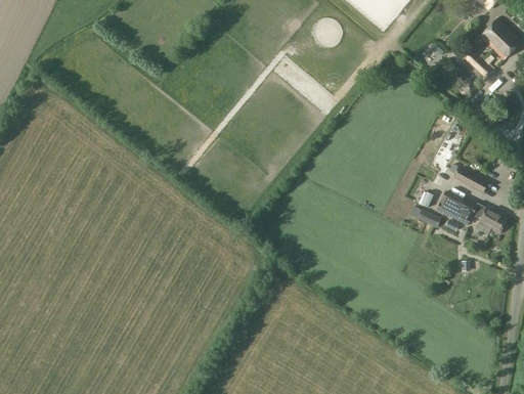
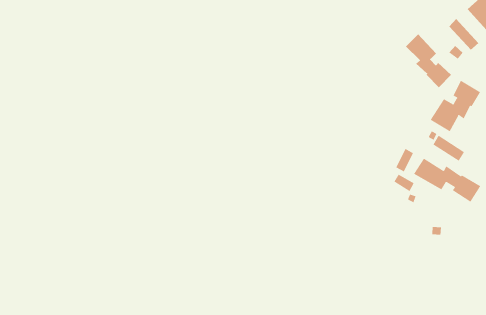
building: none -> [405,33,452,88]
building: none -> [430,80,481,132]

